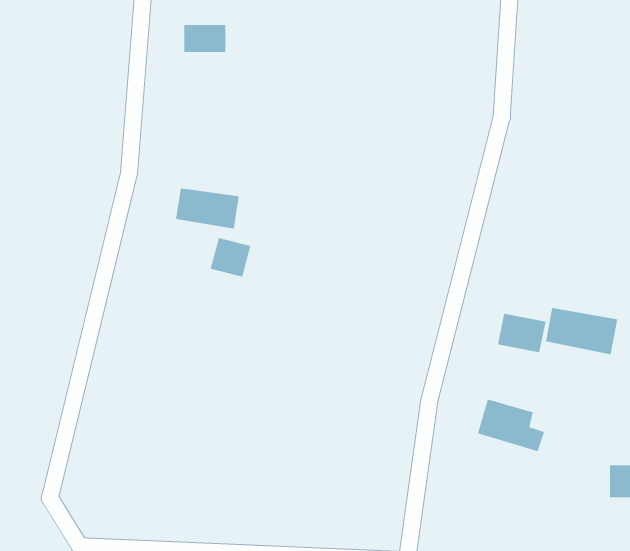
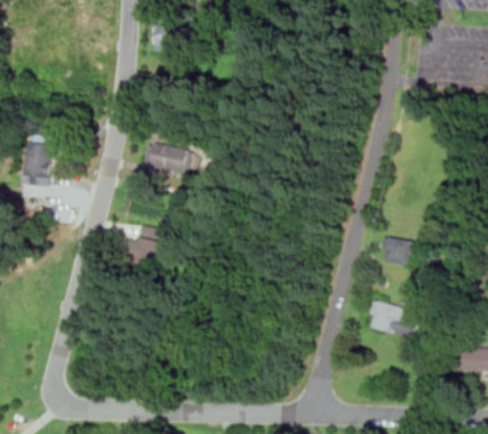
building: none -> [23,141,50,185]
building: [210,238,251,277] -> [130,238,161,267]
building: [545,307,618,355] -> none

